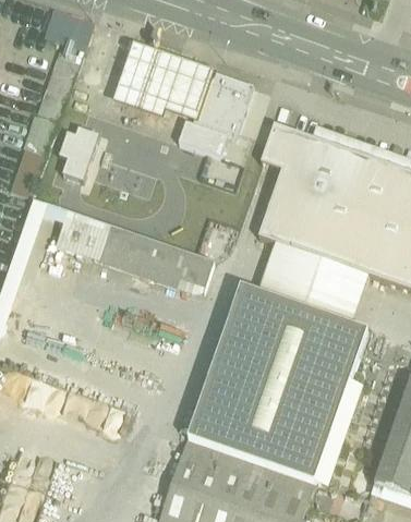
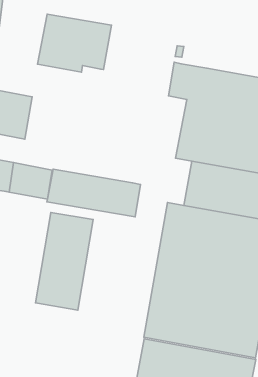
building: [178,68,253,155] -> none
building: none -> [35,212,93,310]

